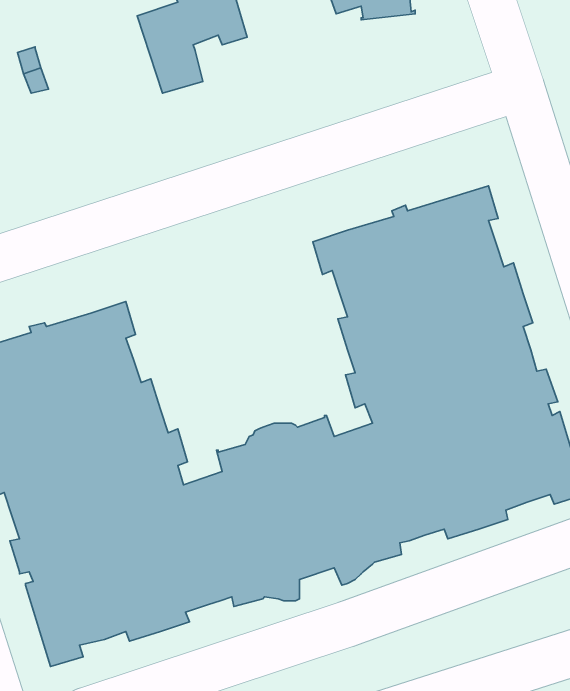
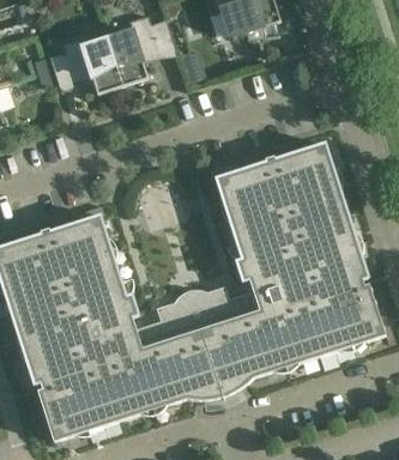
building: none -> [48,37,121,95]

